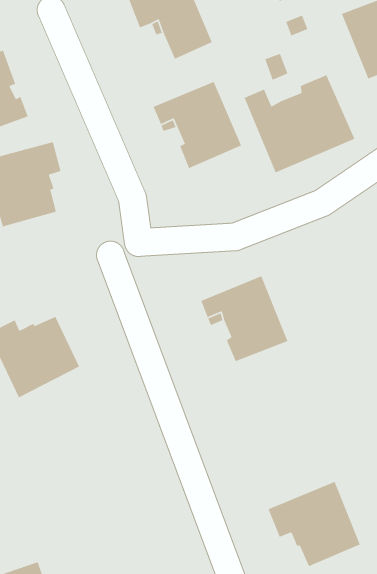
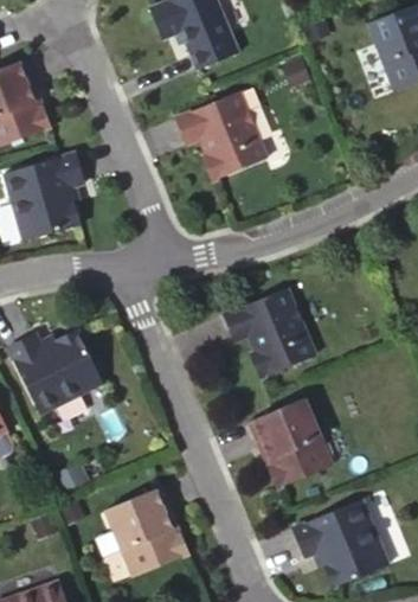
building: [244,74,356,174] -> none
building: none -> [250,398,333,488]
building: none -> [104,487,188,577]

